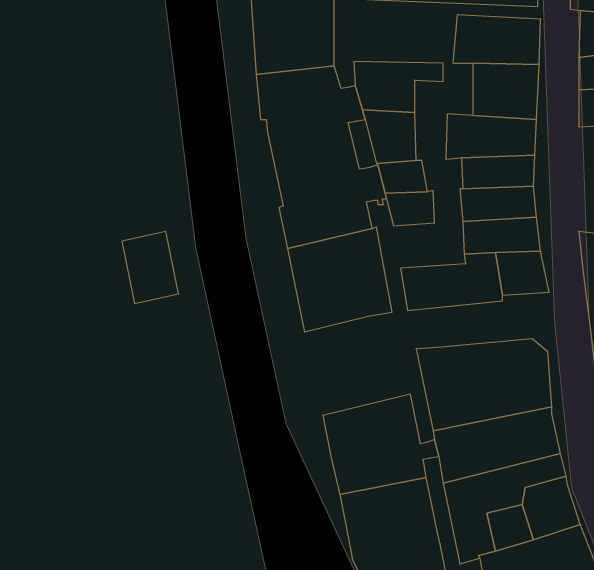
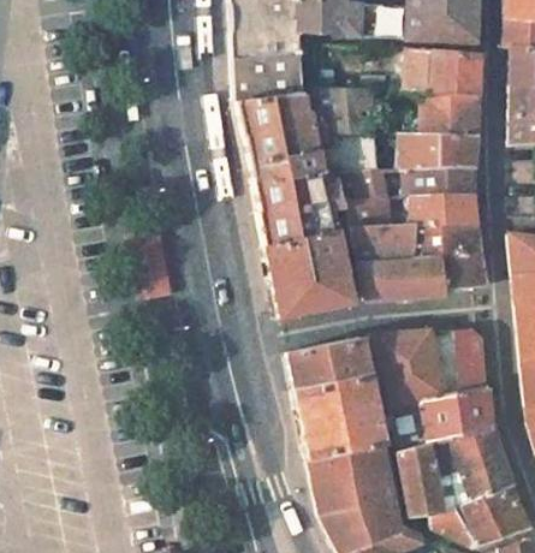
building: none -> [355,225,416,264]
building: none -> [287,334,373,390]

